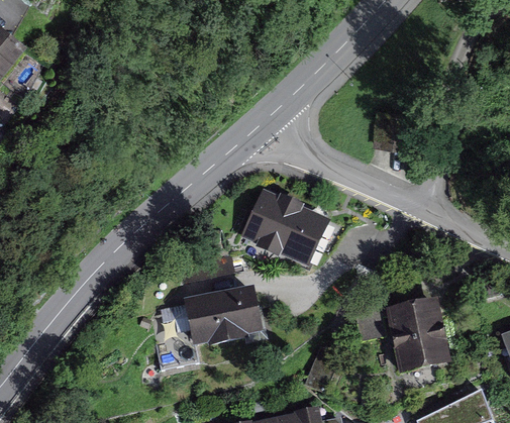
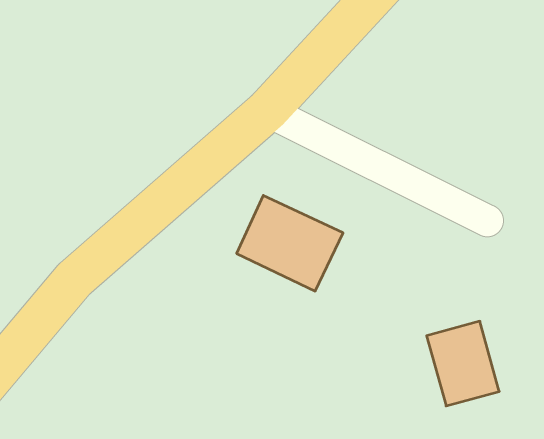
building: [179,283,262,345] -> none

